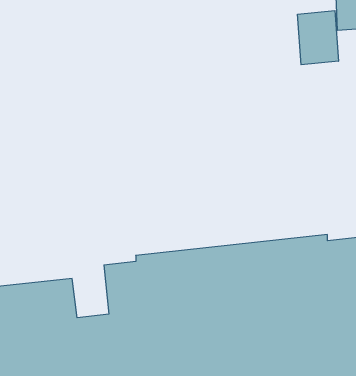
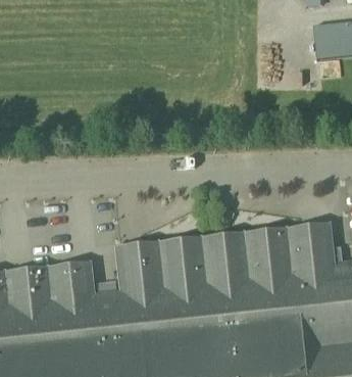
building: [298,11,338,65] -> none

